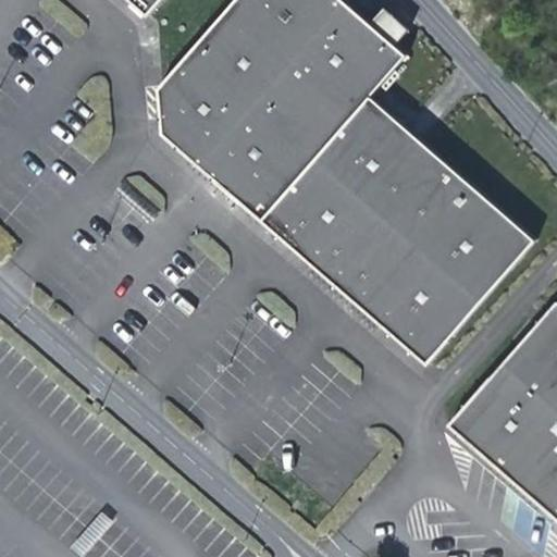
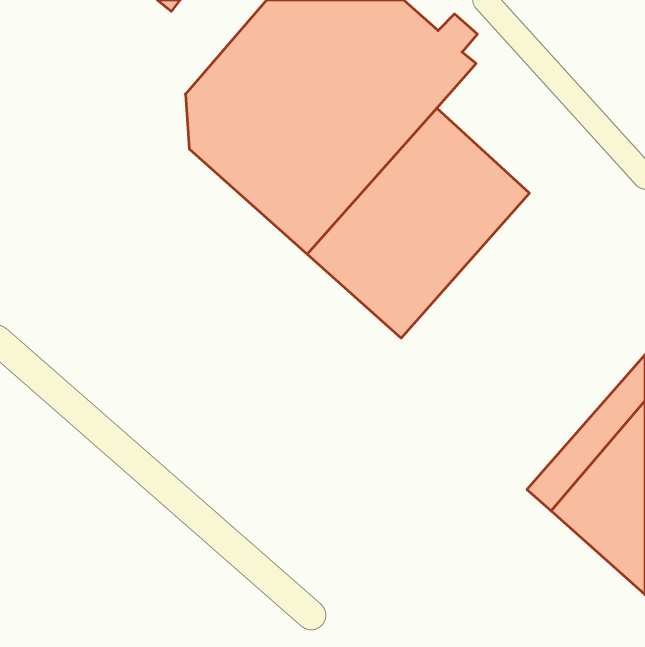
building: [344,168,534,363] -> none

